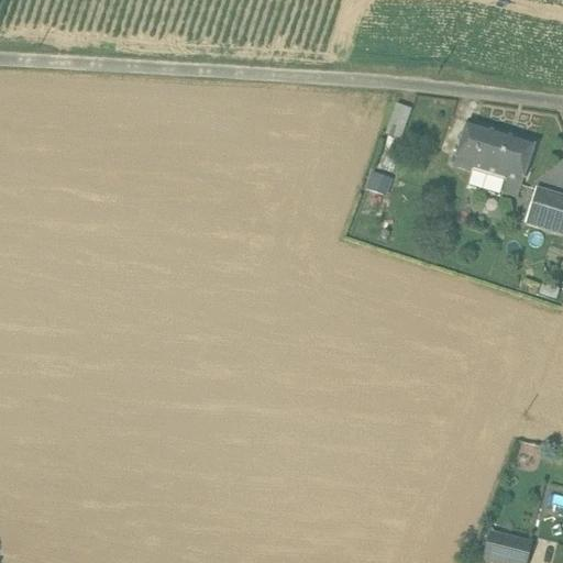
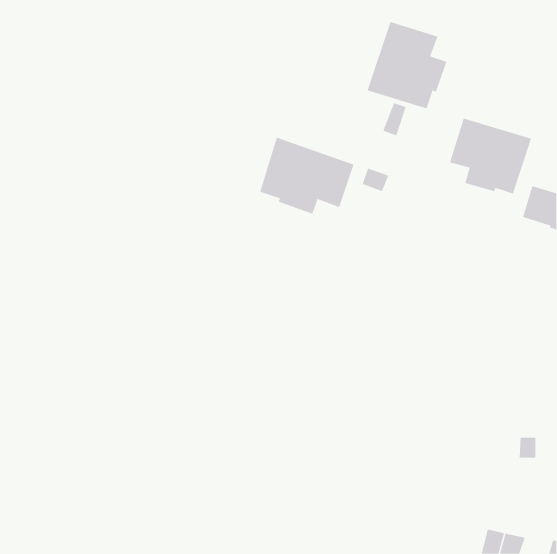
building: none -> [367,21,447,109]
building: none -> [259,137,354,215]

